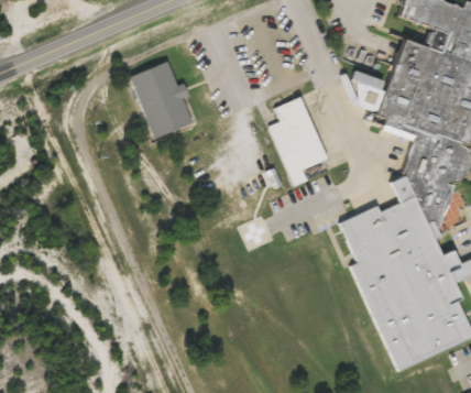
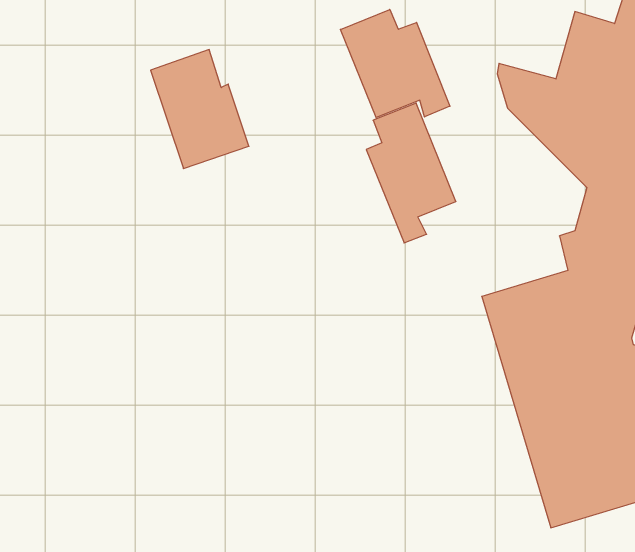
building: none -> [340,9,450,118]

